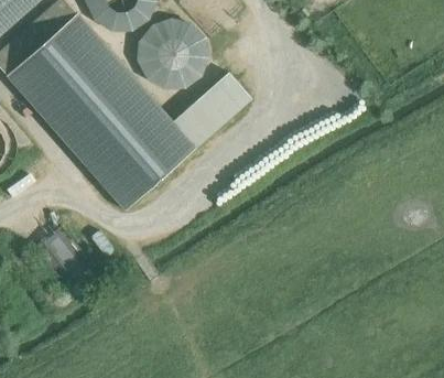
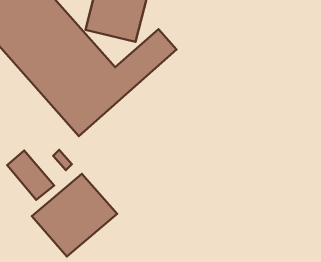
building: none -> [32,174,117,257]

